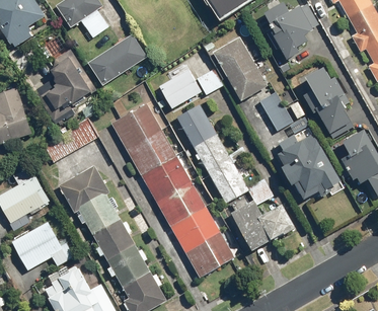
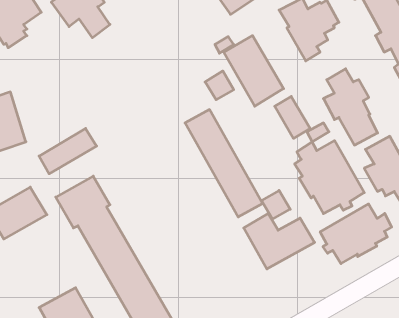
building: [88,34,146,85] -> none
building: [33,49,95,124] -> none
building: [158,64,200,108] -> none
building: [110,103,233,278] -> none
building: none -> [320,204,392,264]
building: [11,222,73,270] -> none

